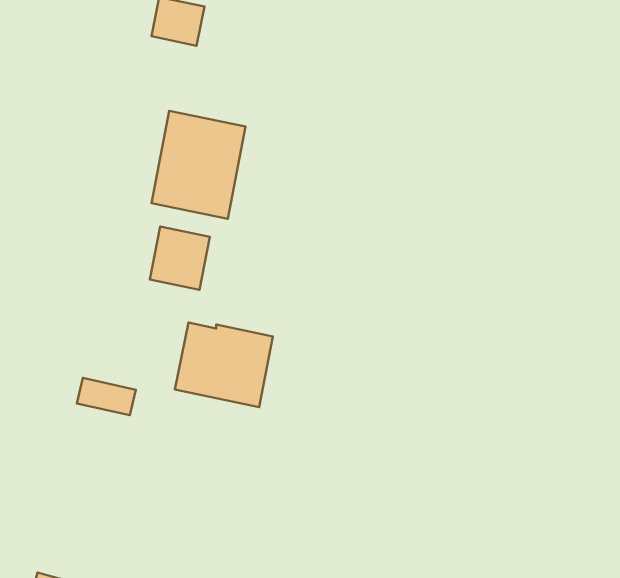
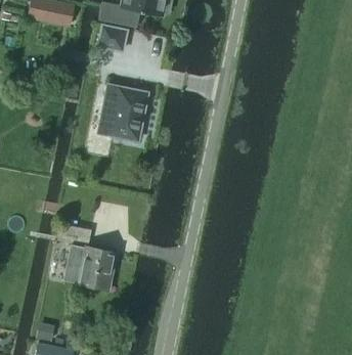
building: [150,226,210,290] -> none
building: [175,323,273,407] -> [63,245,115,289]

